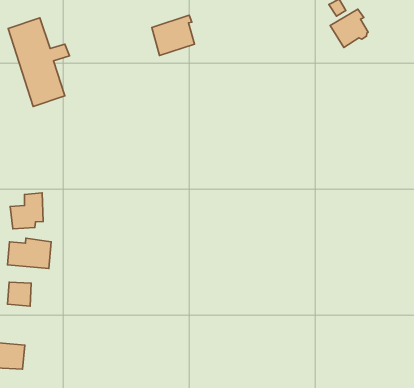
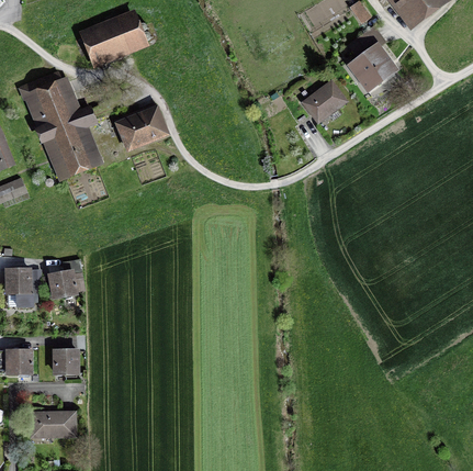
building: [152,15,194,56] -> [119,103,162,146]
building: none -> [303,82,345,122]
building: [7,238,51,269] -> none

